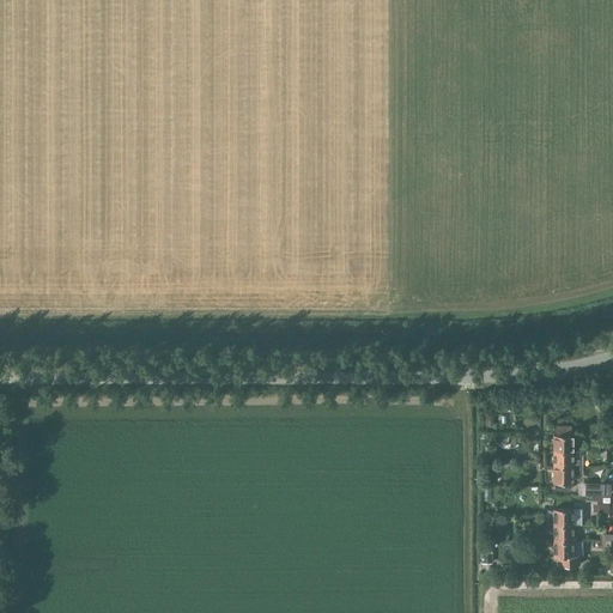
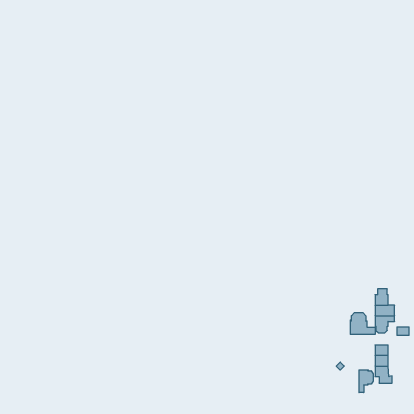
building: none -> [350,313,375,334]
building: none -> [359,370,373,393]

